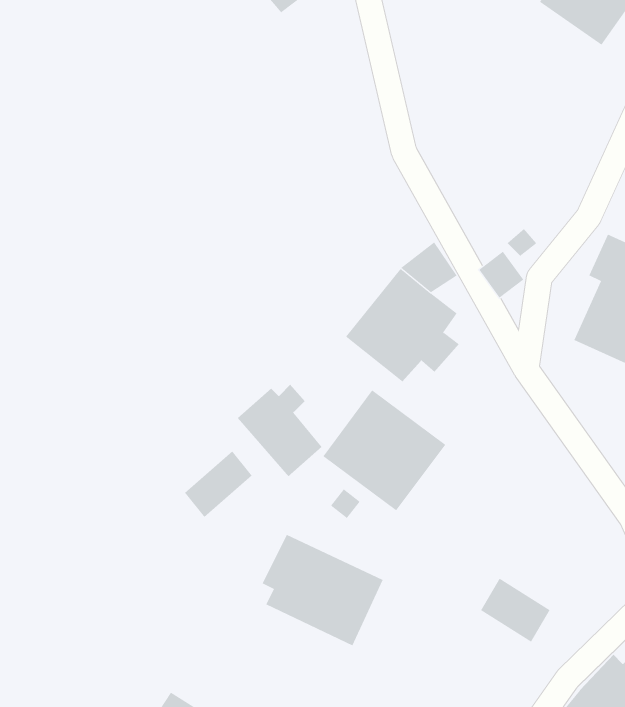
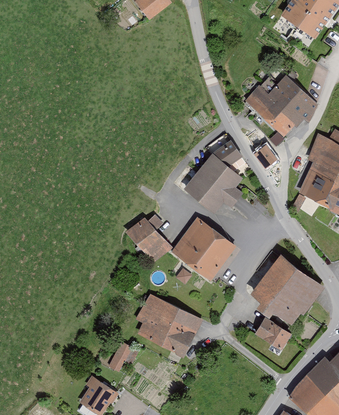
building: none -> [246,76,314,135]
building: [184,451,253,518] -> none
building: none -> [249,255,323,326]
building: none -> [107,343,138,373]

